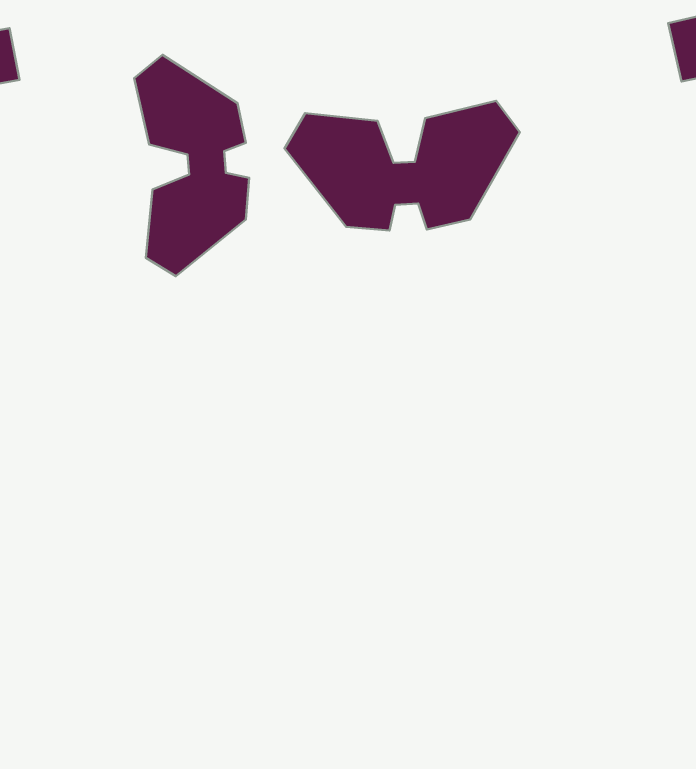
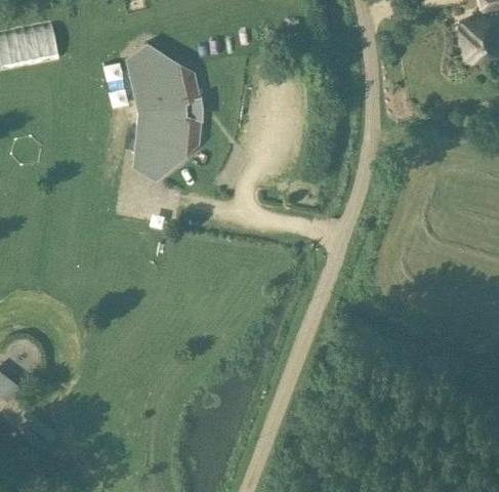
building: [285,101,520,231] -> none

